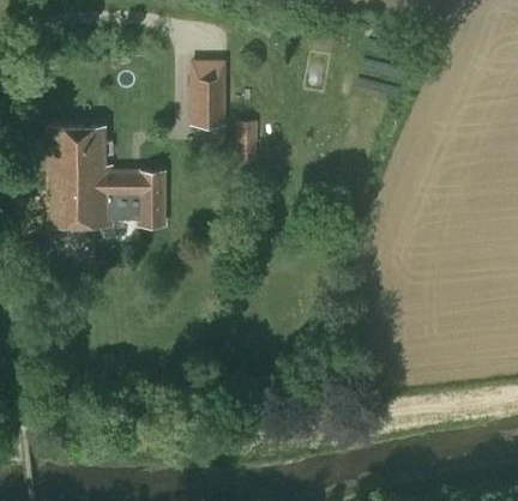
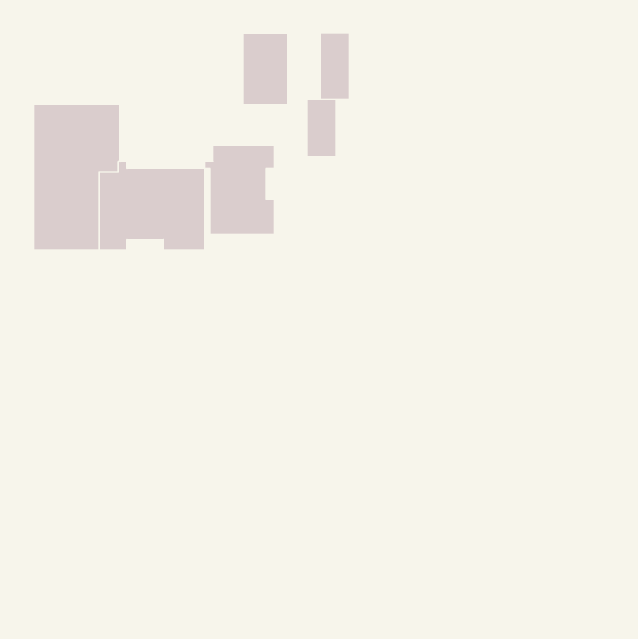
building: none -> [320,33,349,99]
building: none -> [205,145,274,234]

